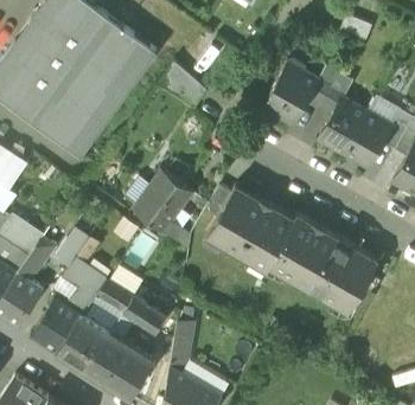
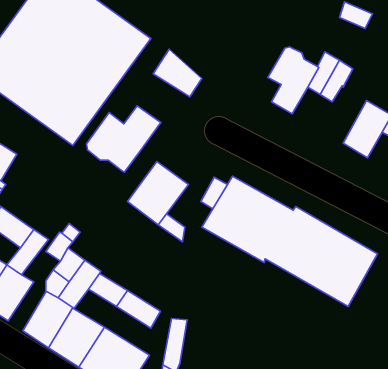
building: [319,98,366,154] -> none
building: none -> [87,106,161,172]
building: [82,296,123,333] -> none

